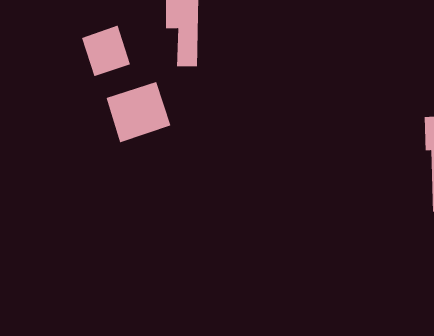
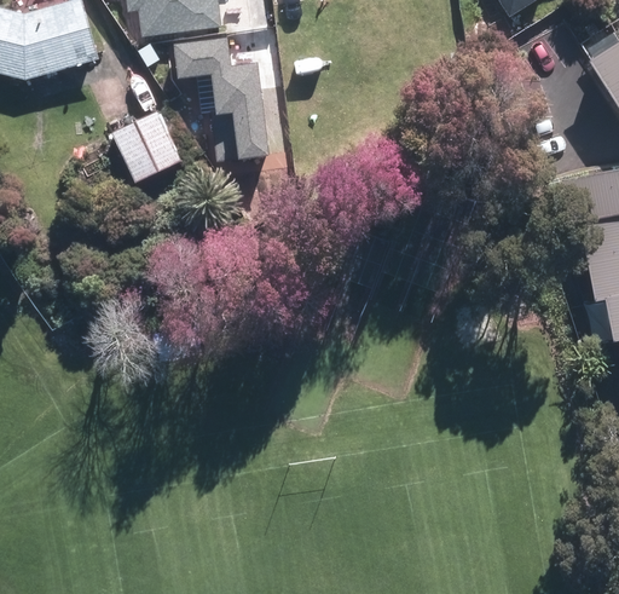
building: [106,81,171,143] -> none

